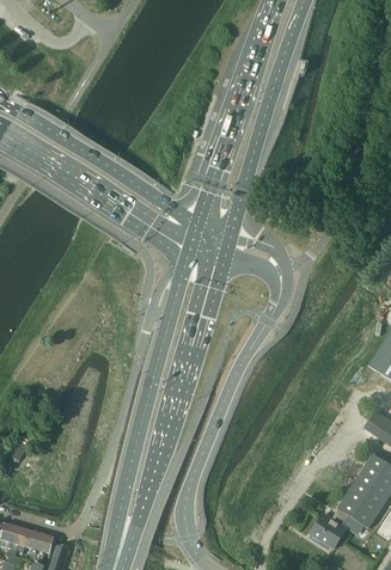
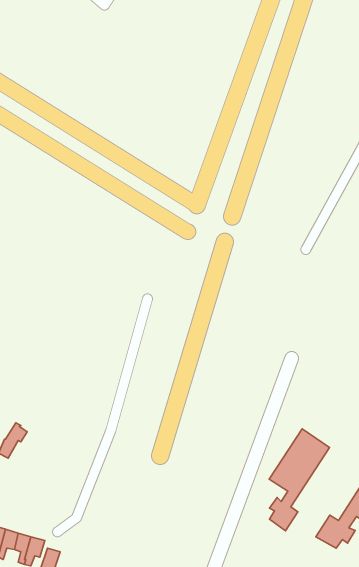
building: none -> [269,429,329,531]

